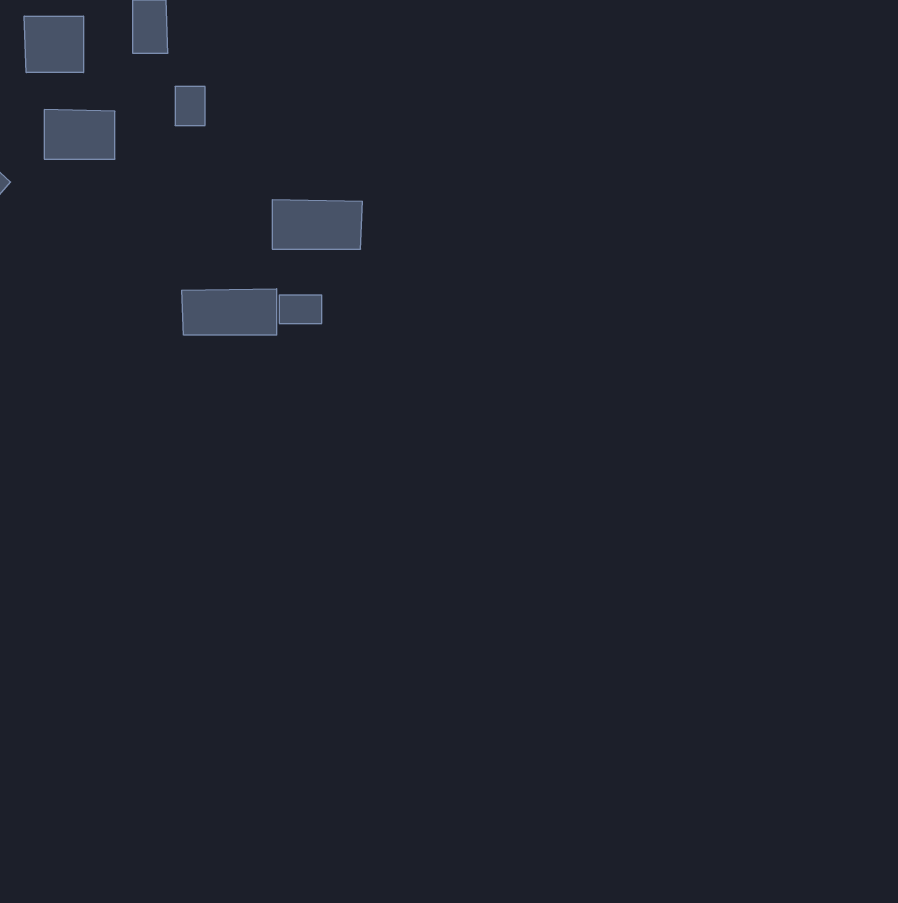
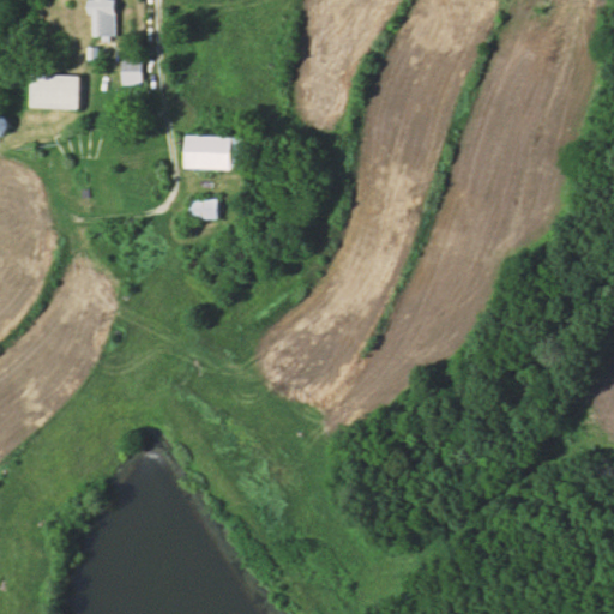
building: [24,16,83,73] -> none
building: [182,289,277,335] -> none

